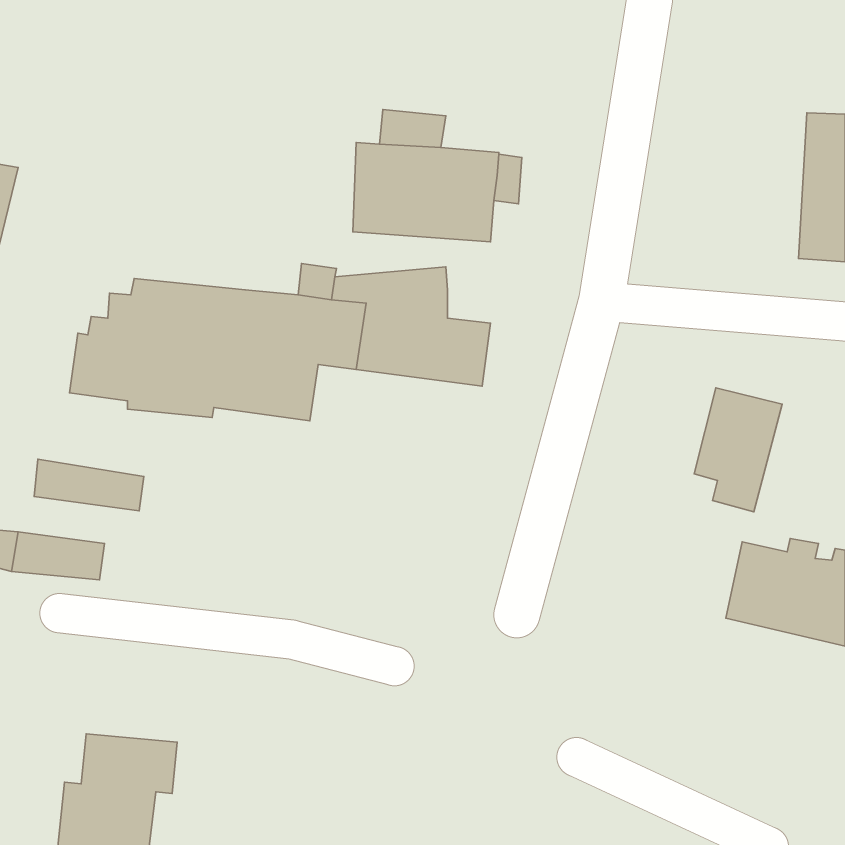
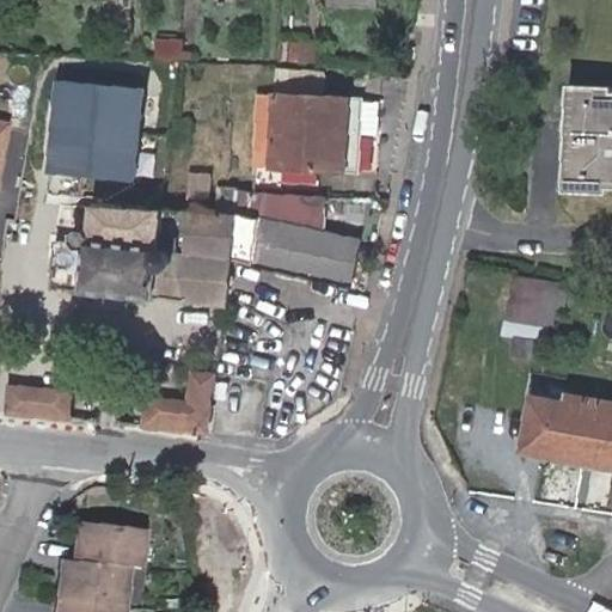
building: none -> [57,85,154,189]
building: [34,459,144,511] -> none
building: none -> [142,378,212,434]

